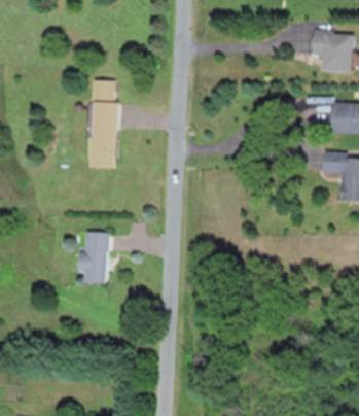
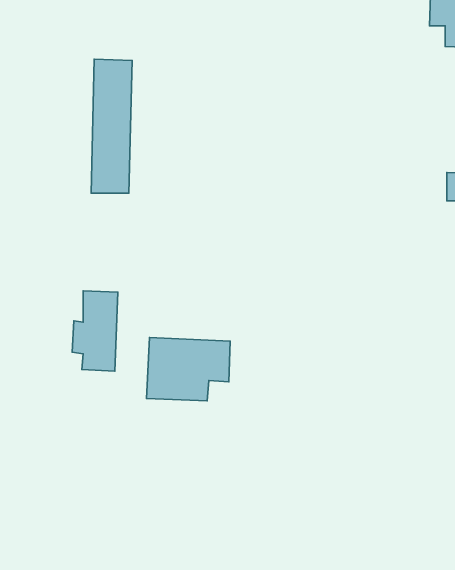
building: none -> [147,337,230,401]

